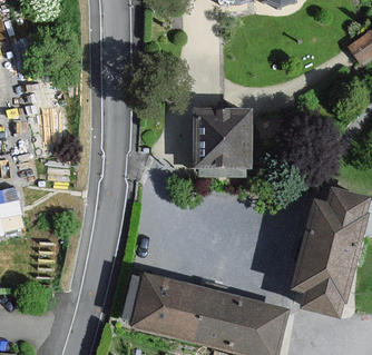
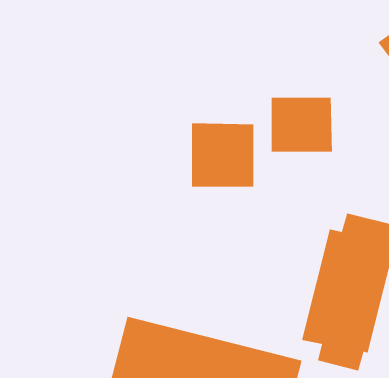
building: none -> [271,97,333,153]

